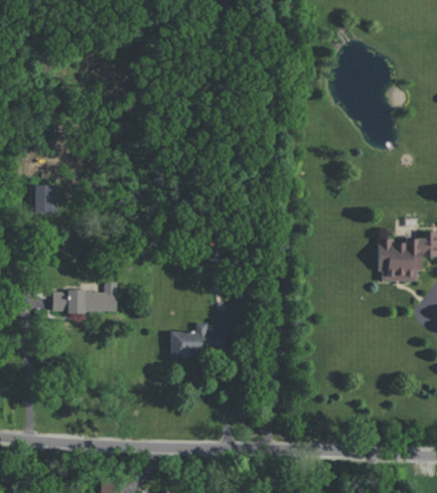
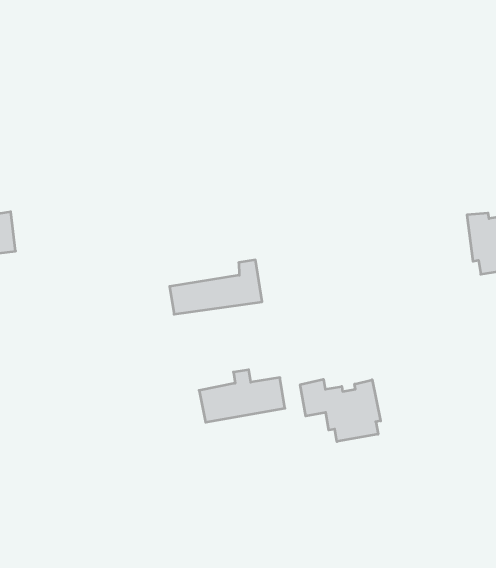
building: [53,283,117,313] -> [170,260,262,314]
building: none -> [300,379,381,442]

